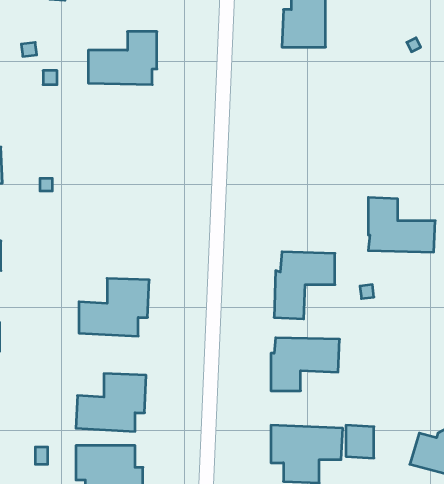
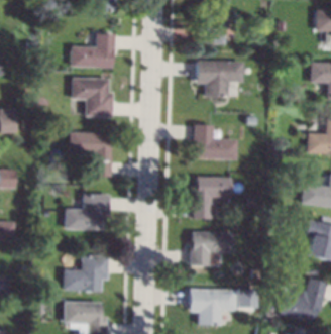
building: none -> [196,61,243,98]
building: none -> [72,78,113,117]
building: none -> [68,132,111,178]
building: [368,197,435,252] -> [193,124,236,159]

